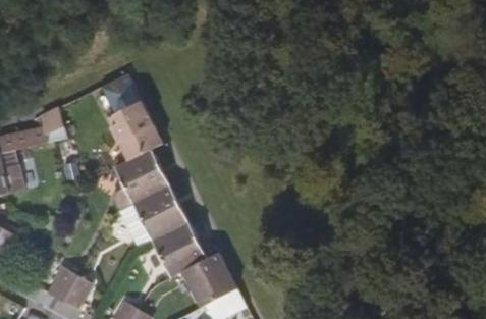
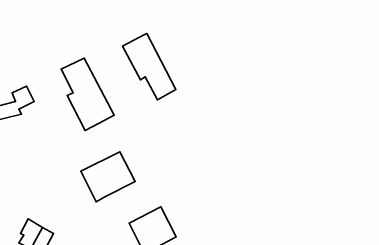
building: none -> [123,34,176,100]
building: [113,148,170,209] -> none
building: [152,221,207,276] -> none

